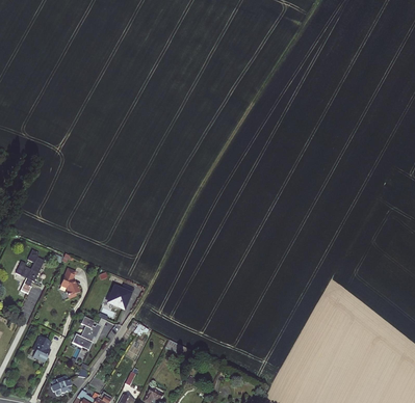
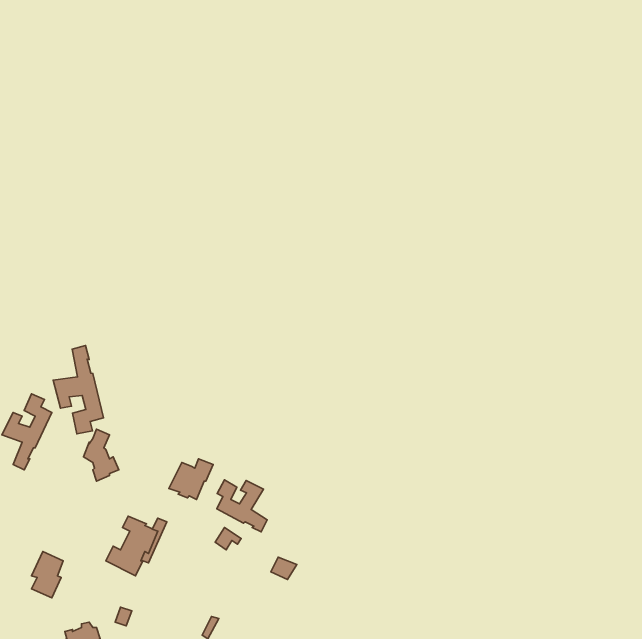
building: none -> [53,346,104,434]
building: none -> [217,480,267,532]

